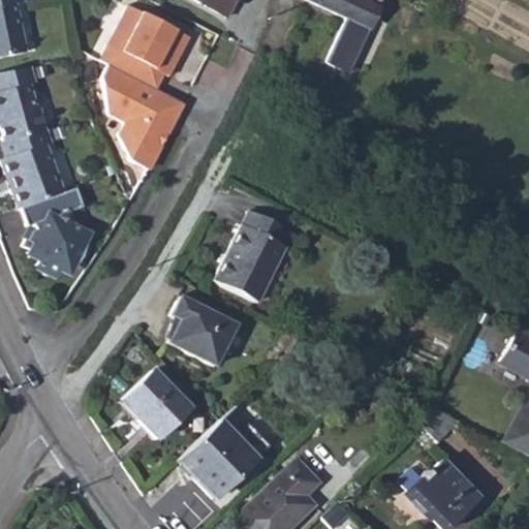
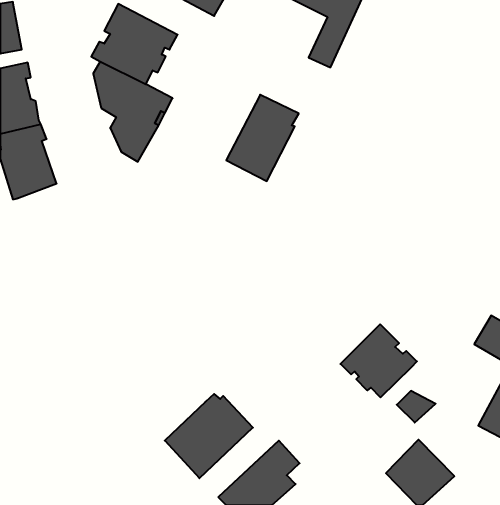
building: [25,187,96,280] -> none
building: [216,211,291,301] -> [226,95,299,181]
building: [170,297,237,365] -> none
building: none -> [340,324,417,397]
building: [127,370,190,438] -> none

